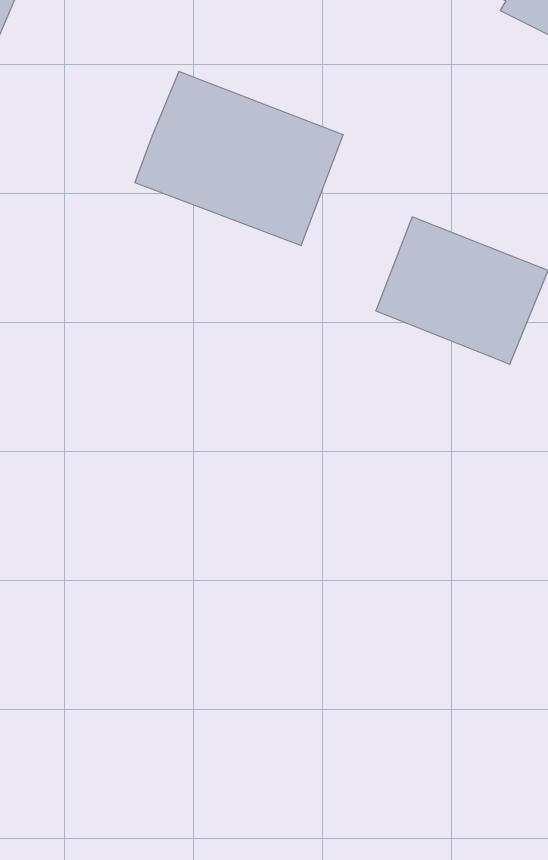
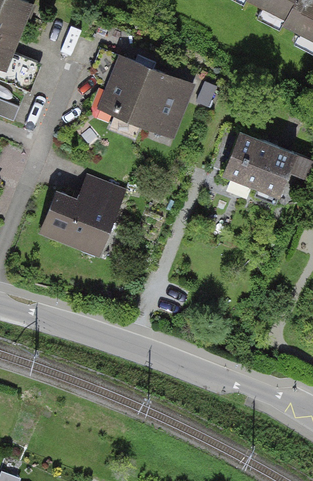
building: none -> [40,172,129,255]

